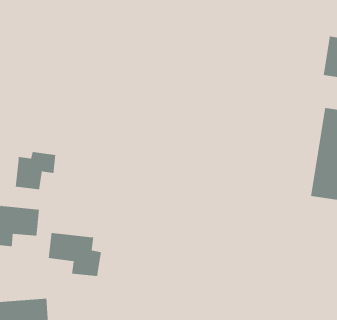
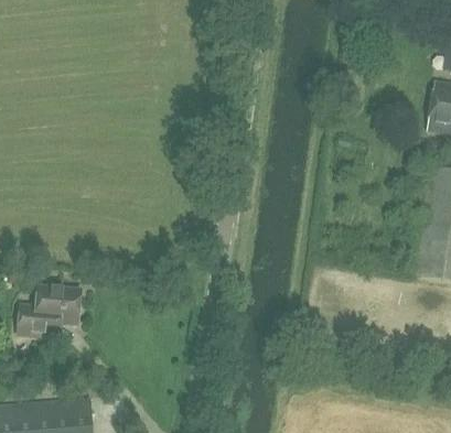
building: [15,151,56,190] -> none
building: [48,232,102,277] -> none

